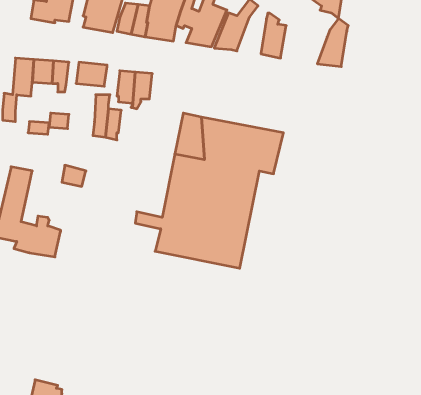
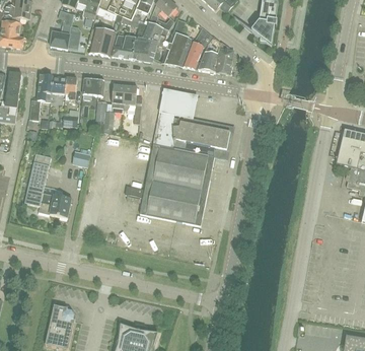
building: [317,19,348,67] -> [198,37,220,71]
building: none -> [158,87,198,119]

